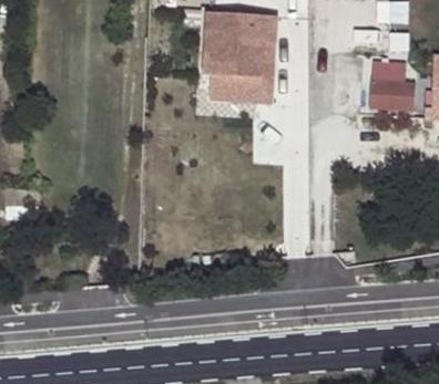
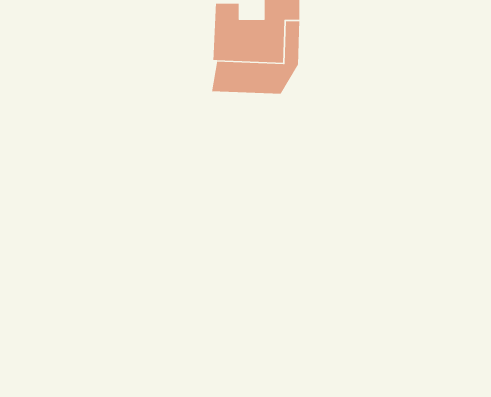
building: [374,56,422,107] -> none

